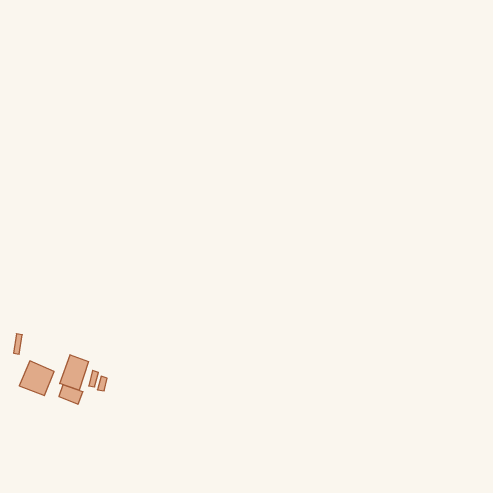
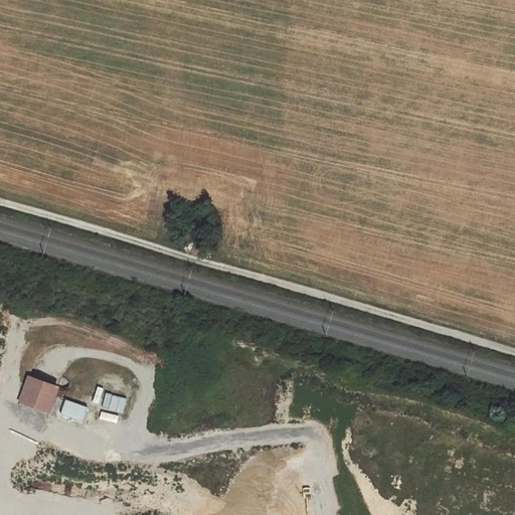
building: [60,355,88,390] -> none

